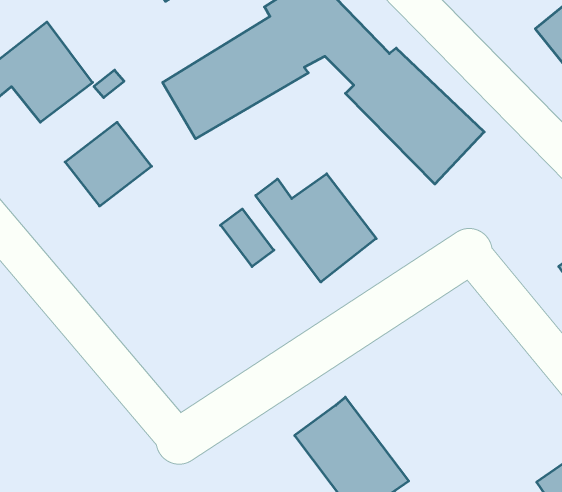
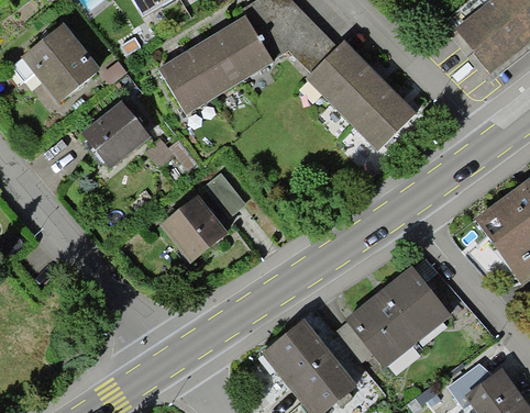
building: [256,174,376,282] -> none
building: none -> [162,197,228,263]
building: none -> [345,267,450,368]

